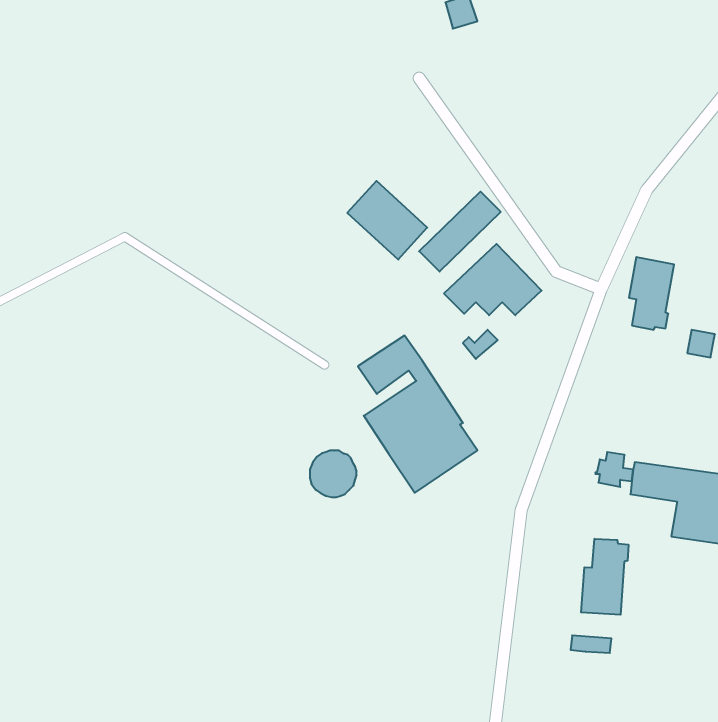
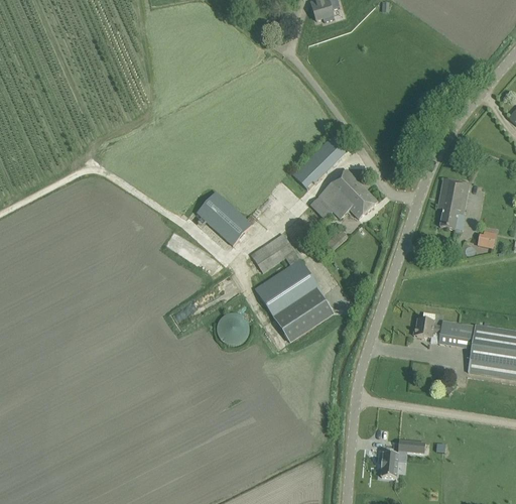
building: [347,181,427,260] -> [197,191,252,245]
building: [581,539,628,615] -> none
building: none -> [381,452,398,478]

